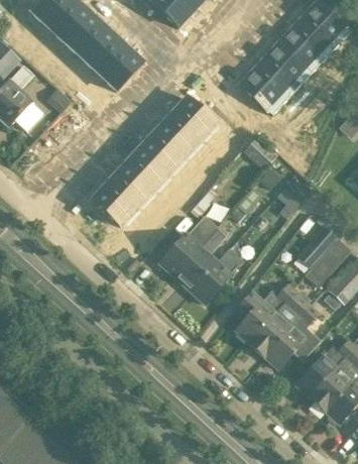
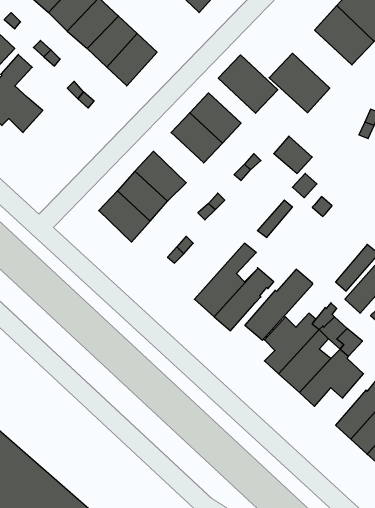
building: [259,43,311,94] -> [218,55,278,113]
building: [139,132,183,176] -> none
building: [159,215,218,276] -> [245,269,313,340]

